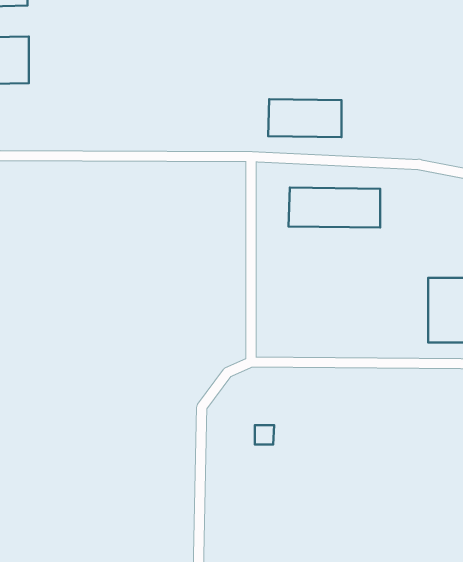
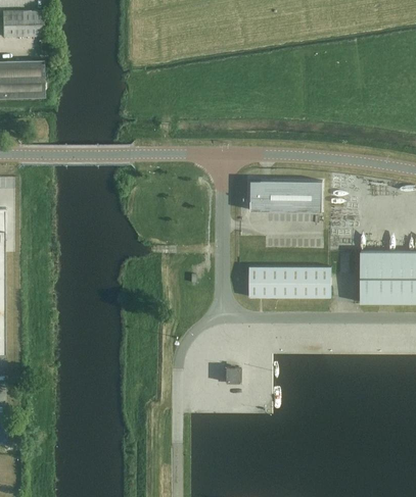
building: [268,99,342,137] -> none
building: none -> [247,267,330,298]

